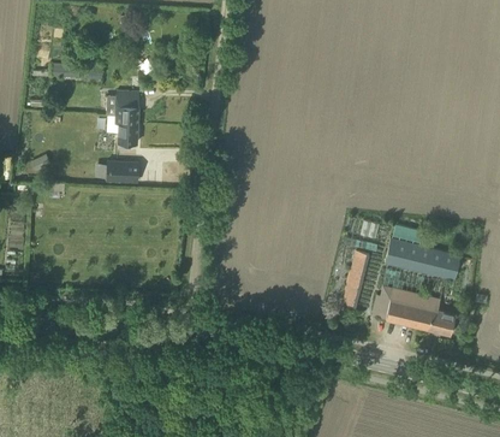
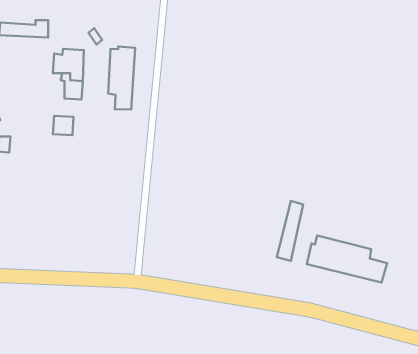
building: none -> [108,46,135,110]
building: [386,223,462,280] -> none

